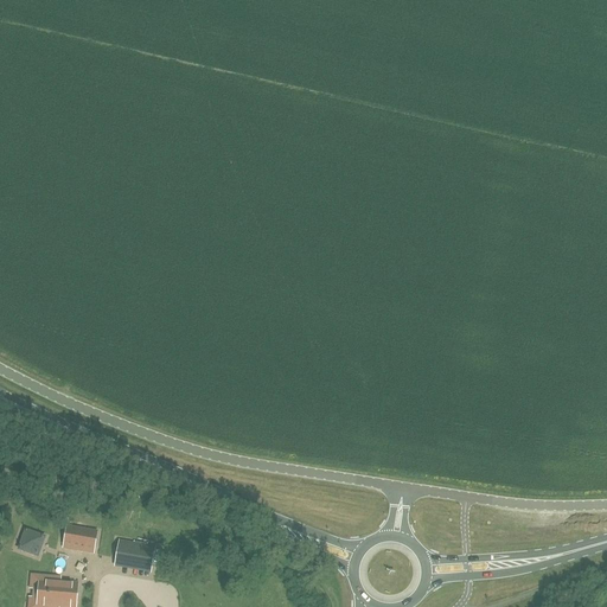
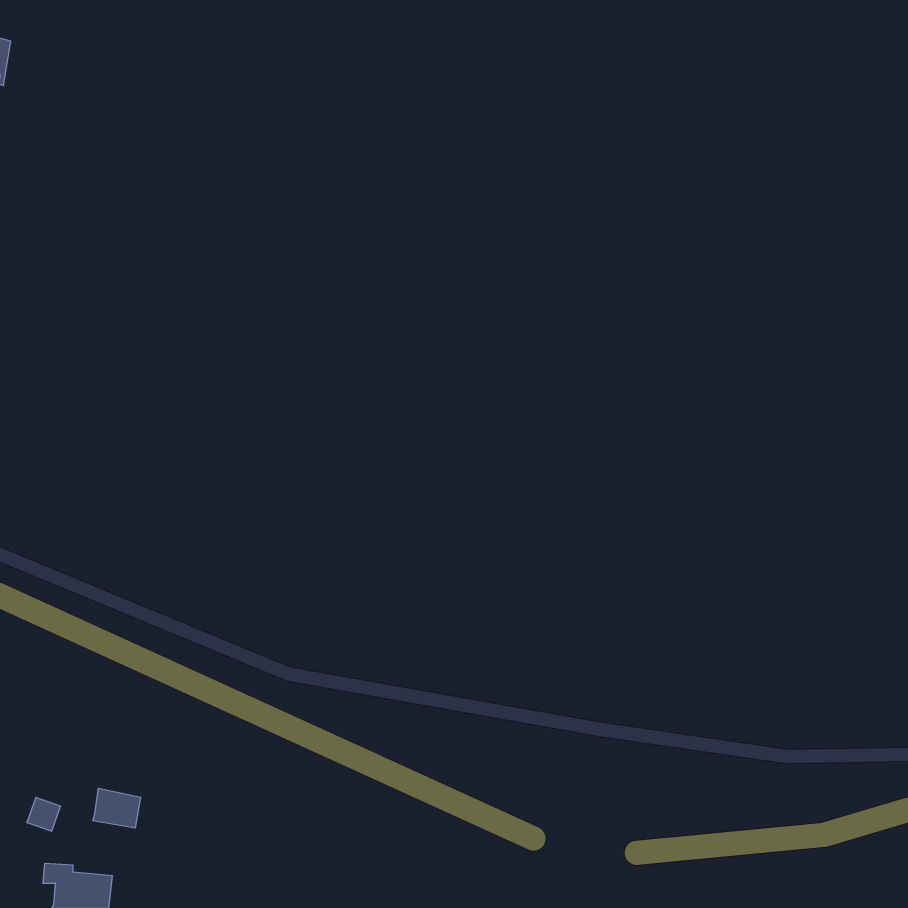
building: [113,539,152,570] -> none

